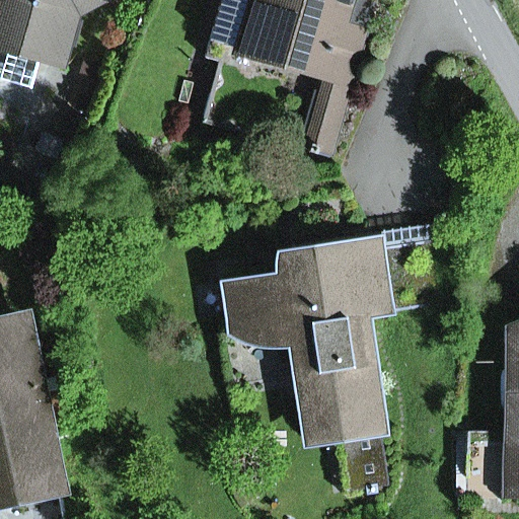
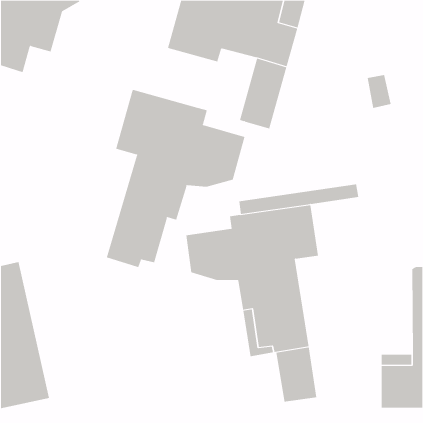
building: none -> [106,89,245,268]

